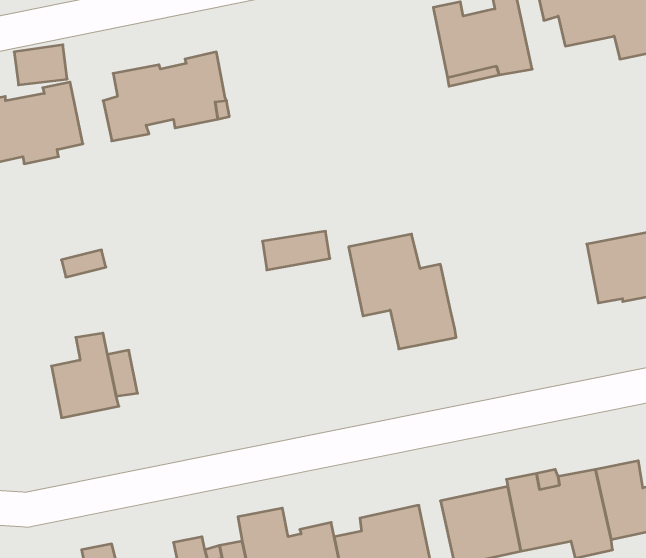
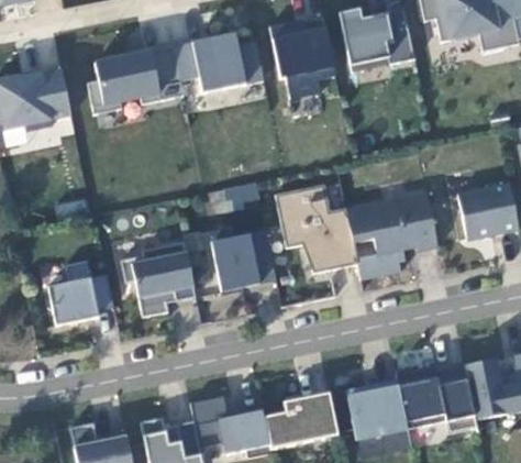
building: none -> [269,14,335,98]
building: none -> [174,33,264,92]
building: none -> [345,191,437,279]
building: none -> [211,231,276,295]
building: none -> [121,241,196,317]

